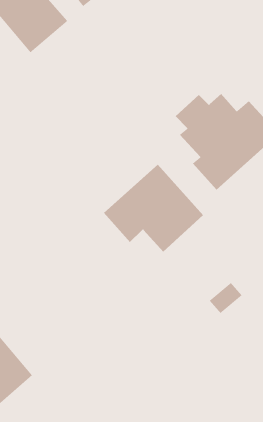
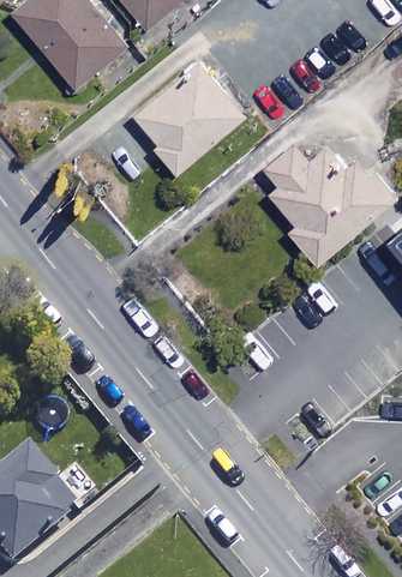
building: none -> [132,55,251,172]
building: [103,164,204,253] -> none

